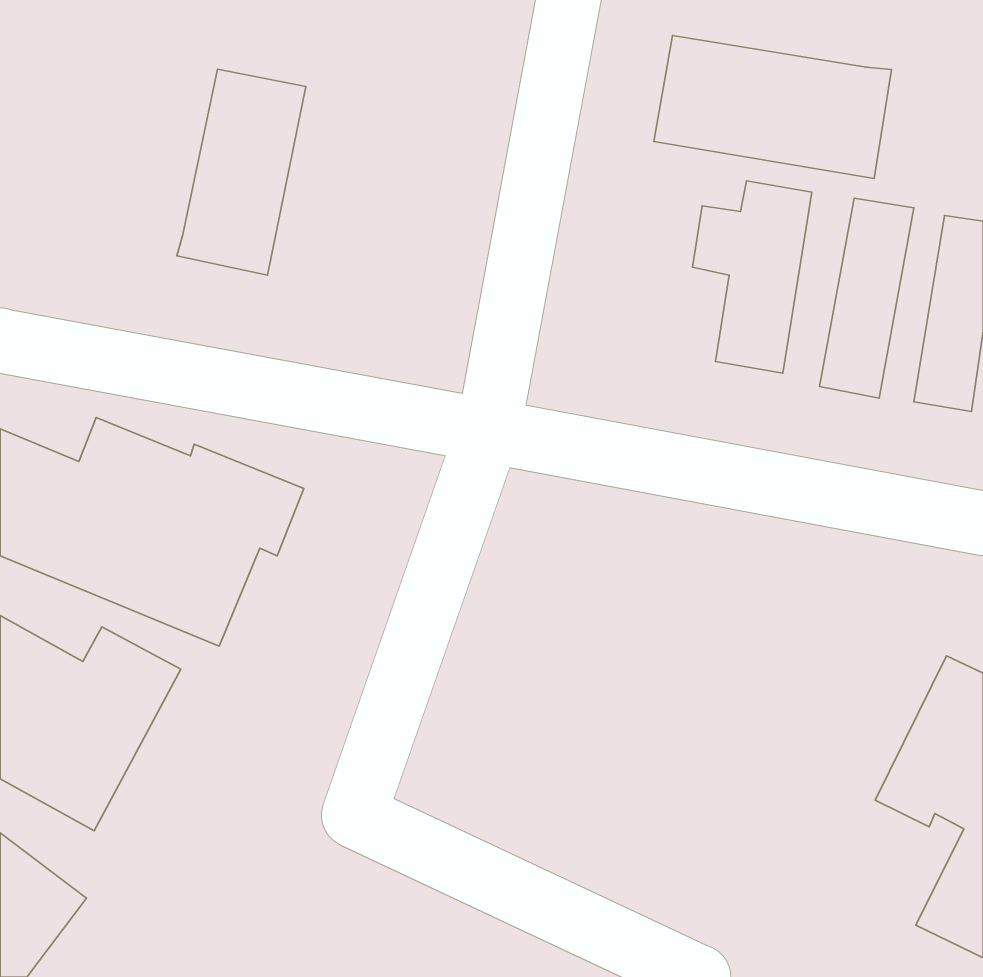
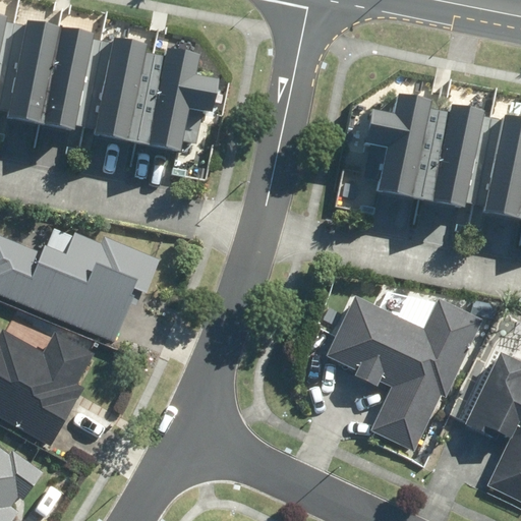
building: [654,35,892,179] -> none
building: none -> [8,20,92,133]
building: none -> [149,49,218,153]
building: none -> [323,291,485,451]

